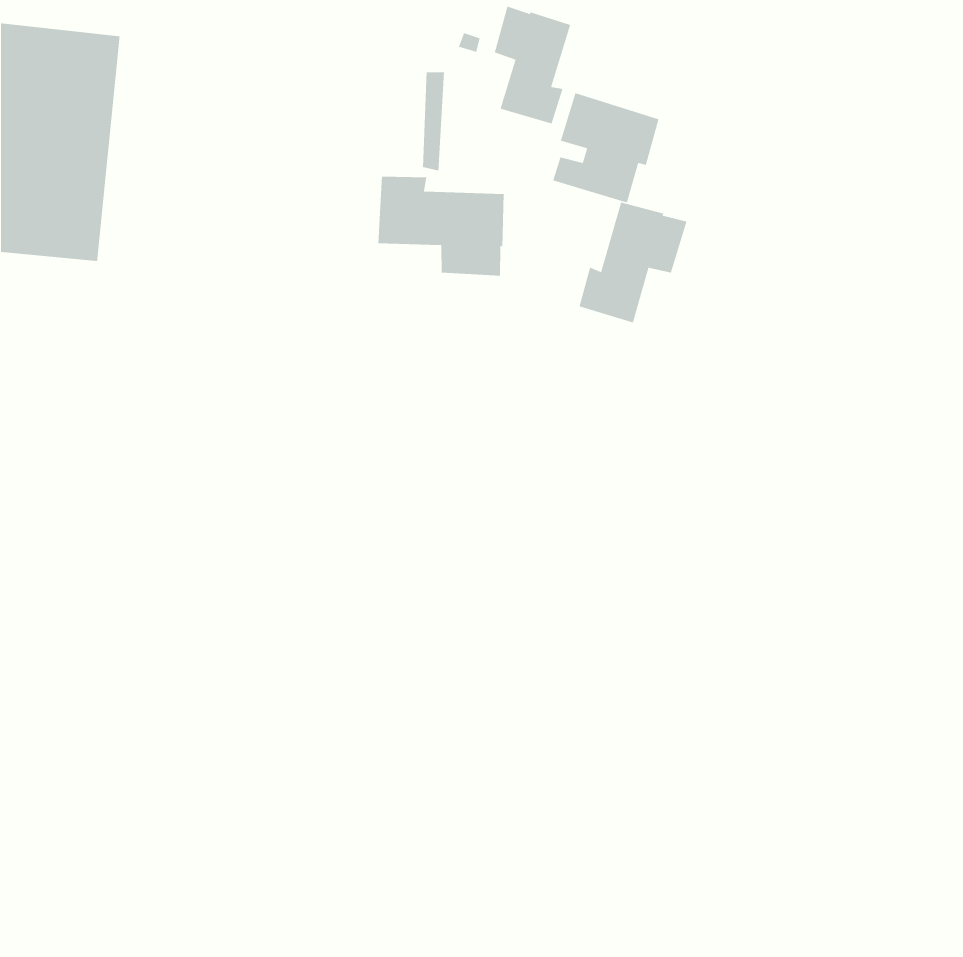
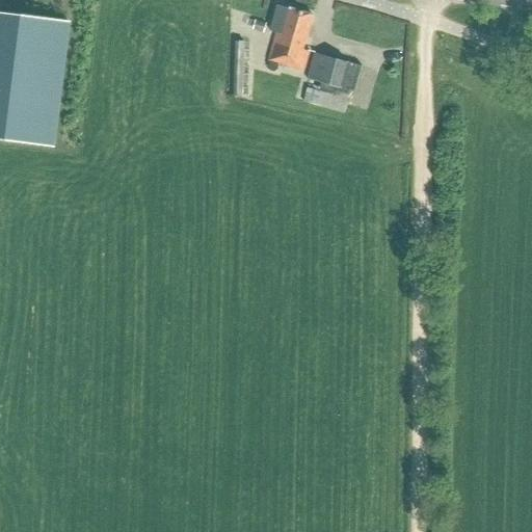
building: [378,176,504,276] -> none
building: [579,202,688,323] -> none

